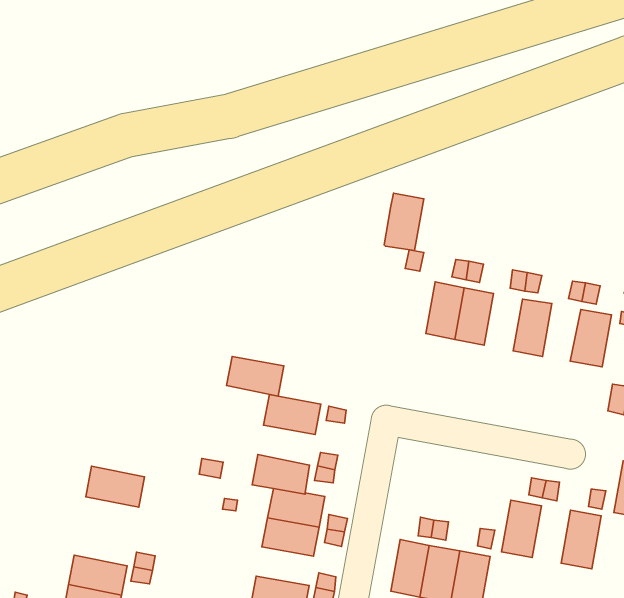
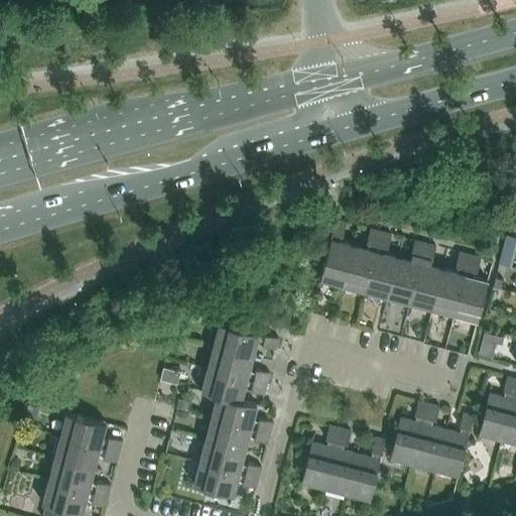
building: [384,193,424,251] -> [320,241,354,286]
building: none -> [388,259,420,304]
building: none -> [432,270,465,315]
building: [226,356,284,396] -> [208,348,253,381]
building: [86,466,145,507] -> [60,414,107,448]
building: none -> [413,425,445,471]
building: none -> [200,441,245,474]

